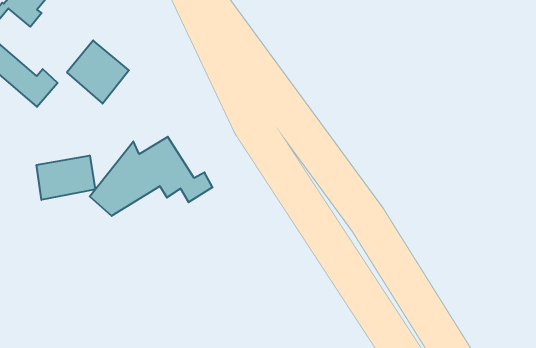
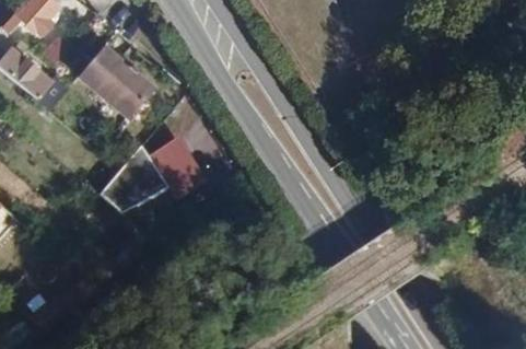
building: none -> [112,73,154,119]
building: [37,155,95,200] -> none

